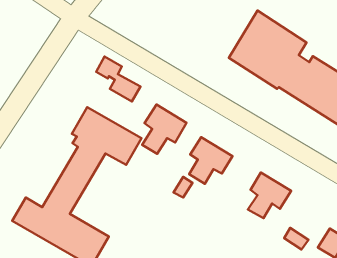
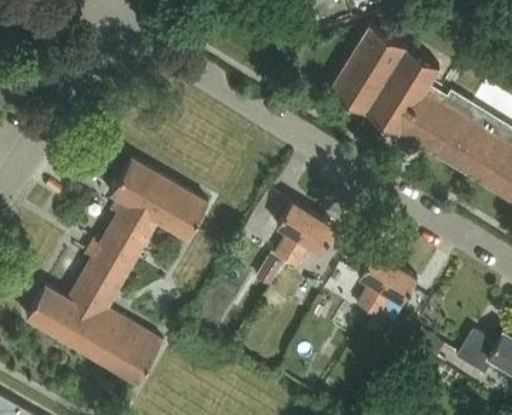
building: [96,56,140,101] -> none
building: [142,104,187,154] -> none

